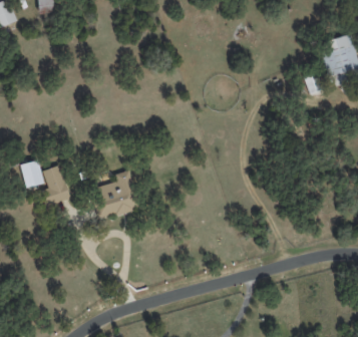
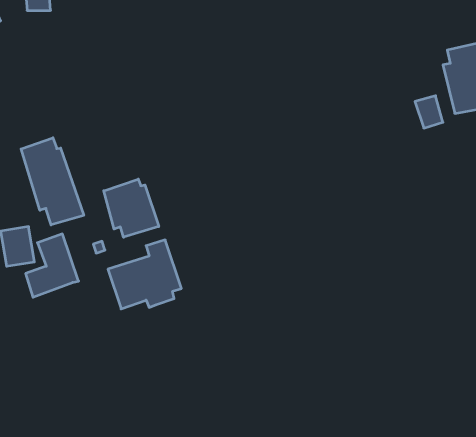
building: none -> [21,138,84,225]
building: none -> [104,179,159,237]

